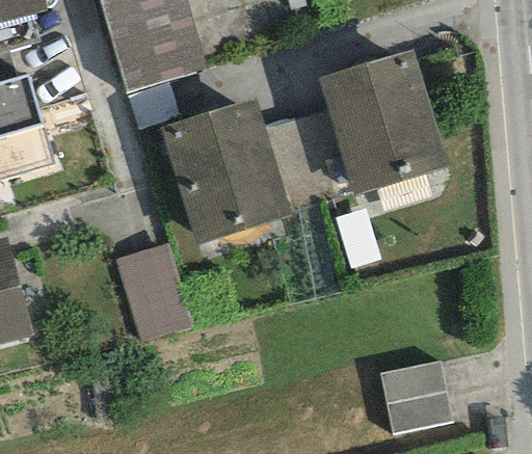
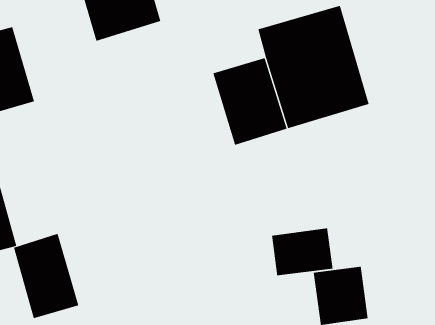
building: [159,99,290,245] -> none
building: [114,243,192,344] -> [13,233,79,319]
building: none -> [271,228,333,276]

